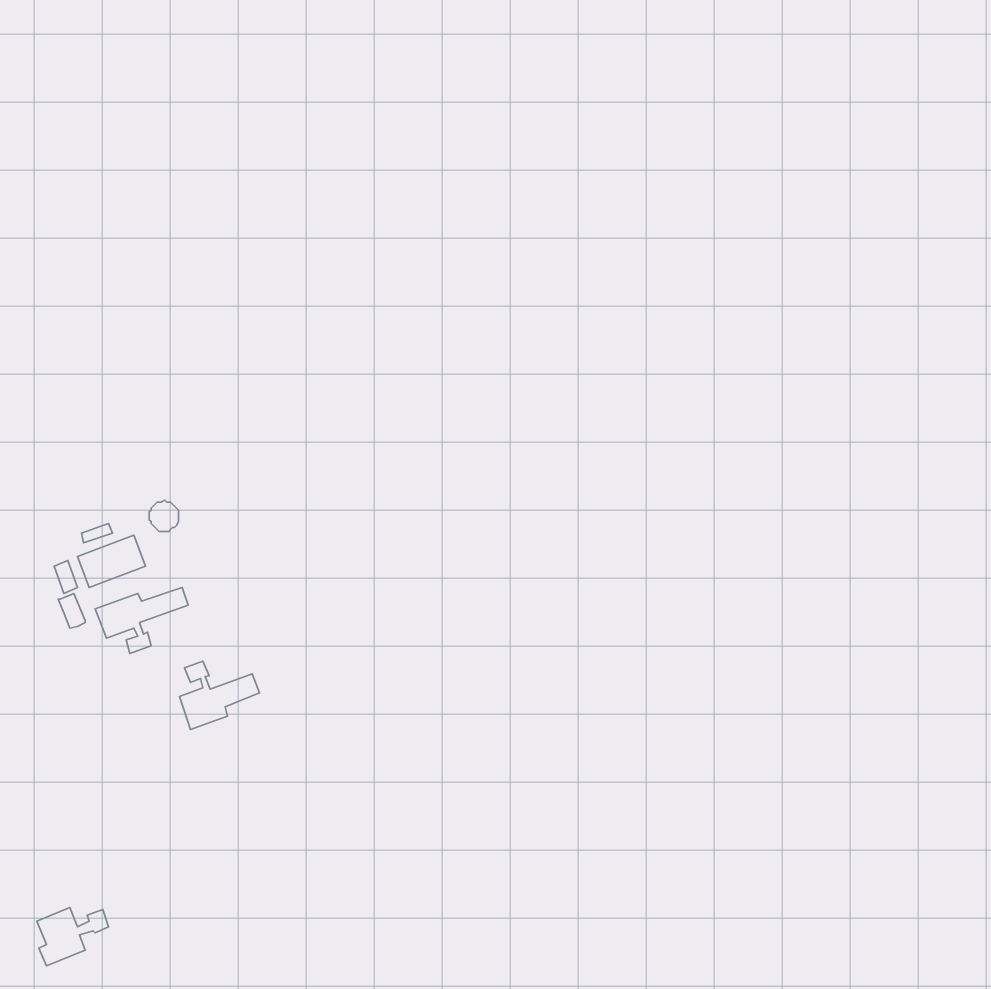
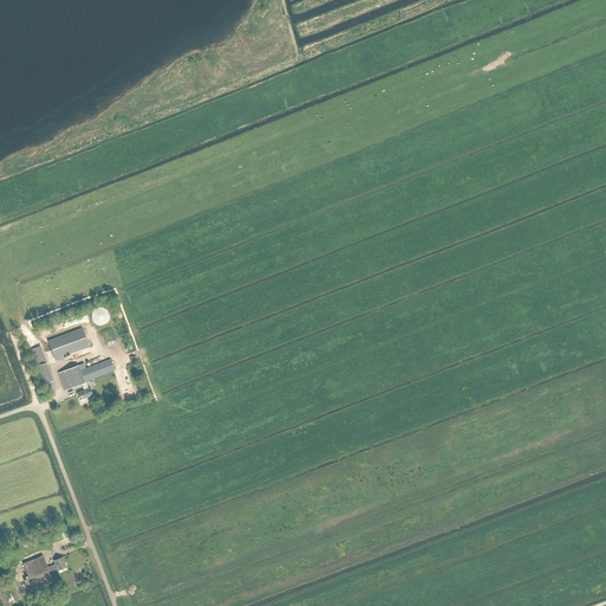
building: [179,661,260,730] -> none

